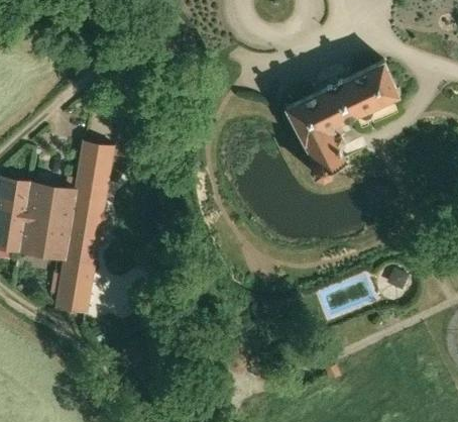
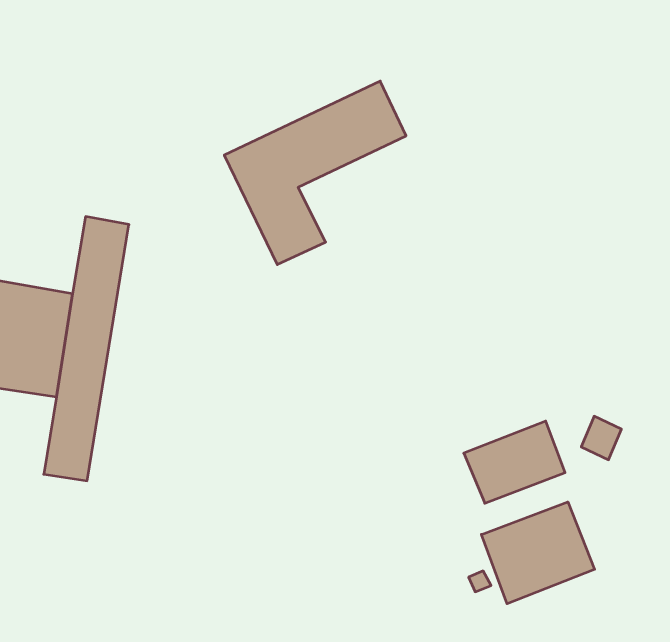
building: [284,61,398,176] -> [224,81,406,265]
building: none -> [481,502,595,604]

